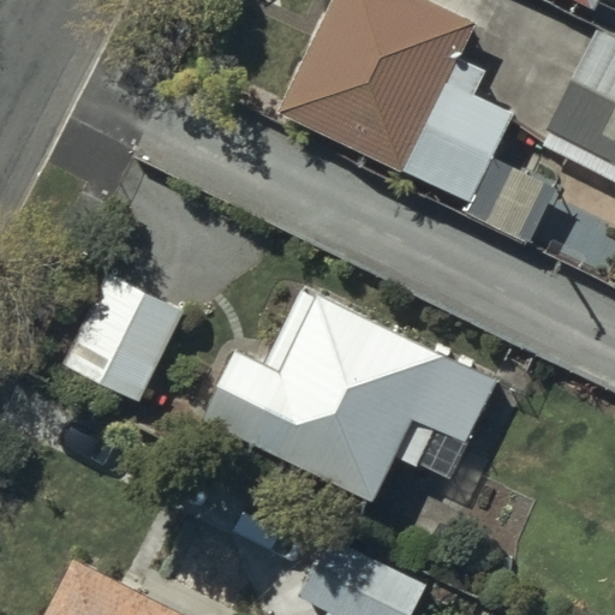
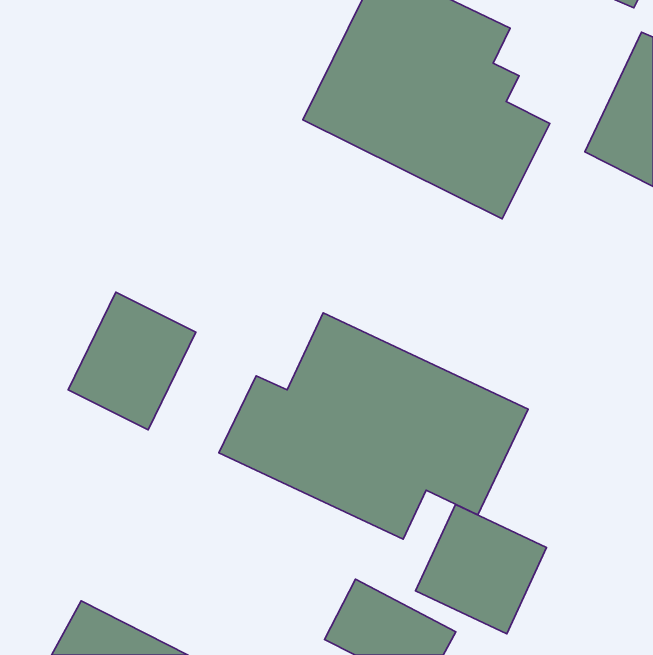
building: none -> [416,505,546,634]

